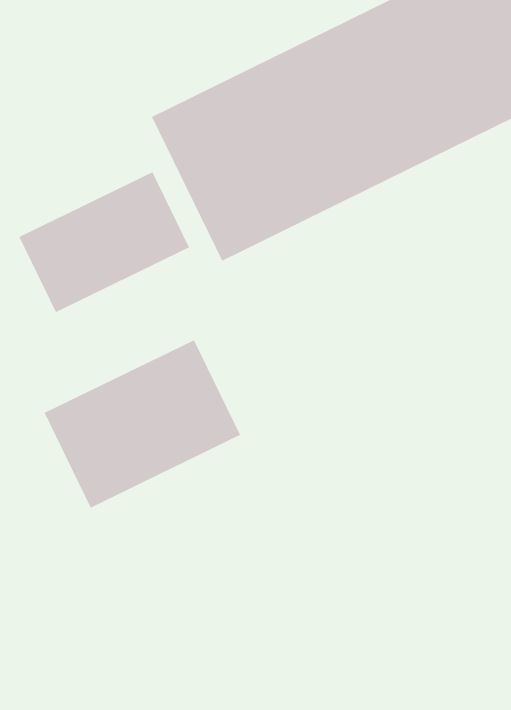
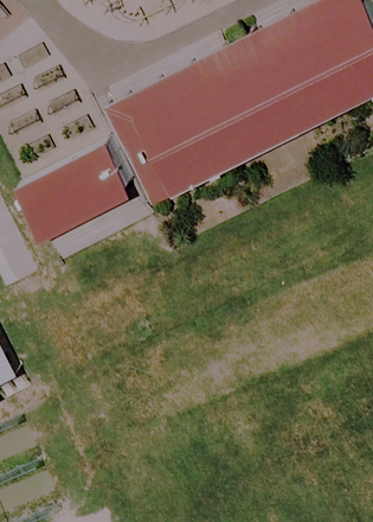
building: [44,339,241,508] -> none

